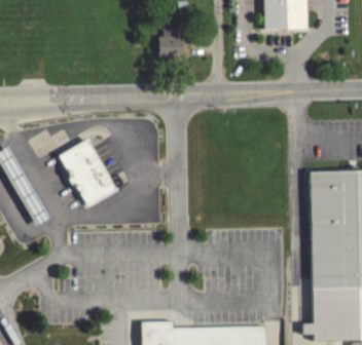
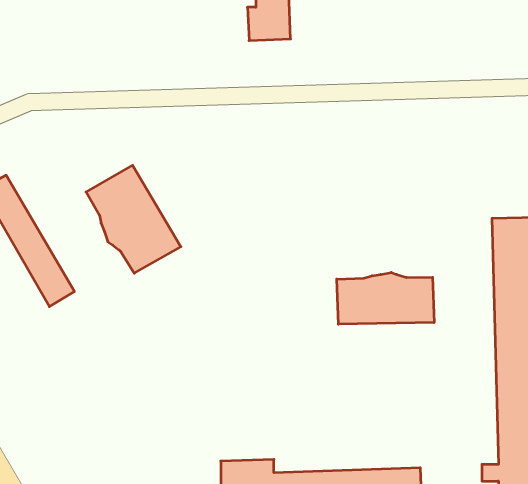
building: none -> [337,272,434,324]

